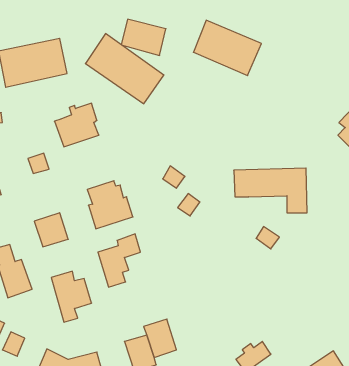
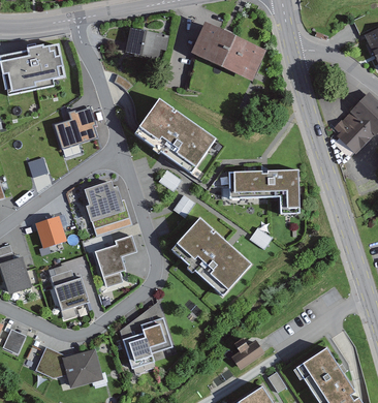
building: [85,34,164,104] -> [140,99,217,167]
building: none -> [172,219,253,297]

